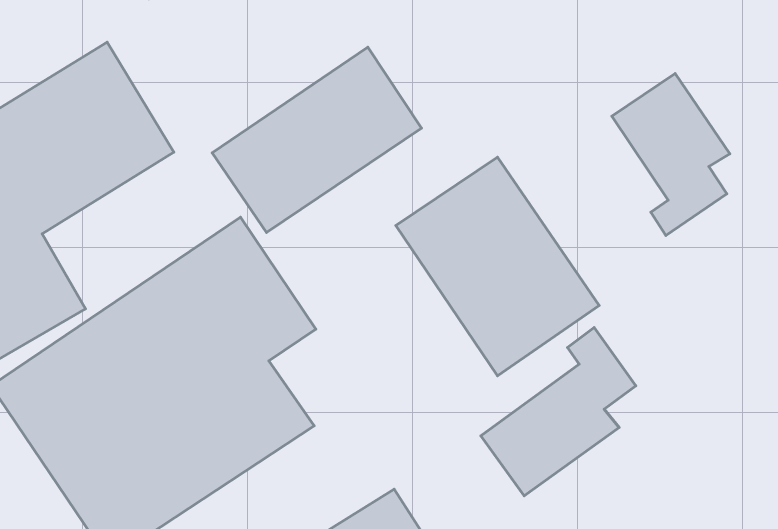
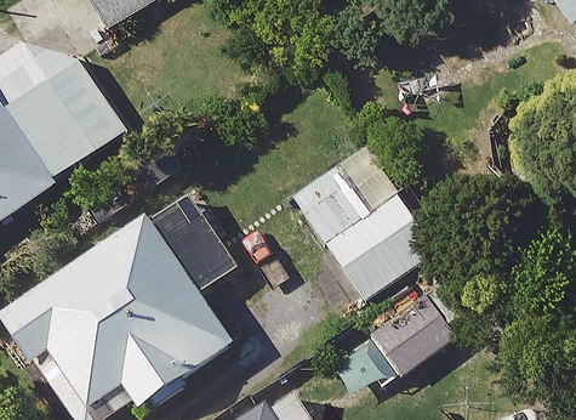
building: [212,47,422,232] -> none
building: [612,73,730,235] -> none

